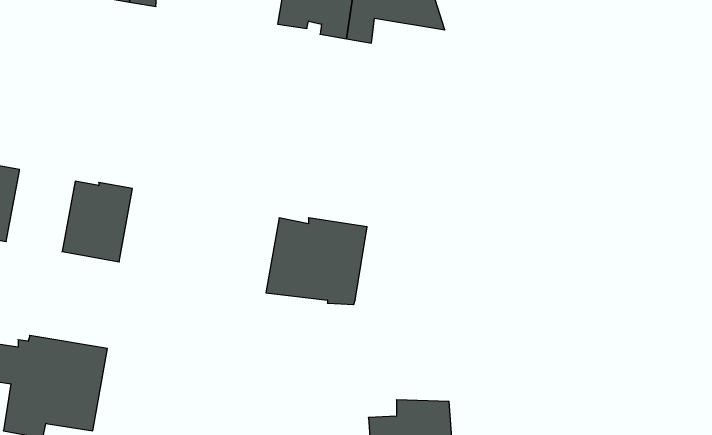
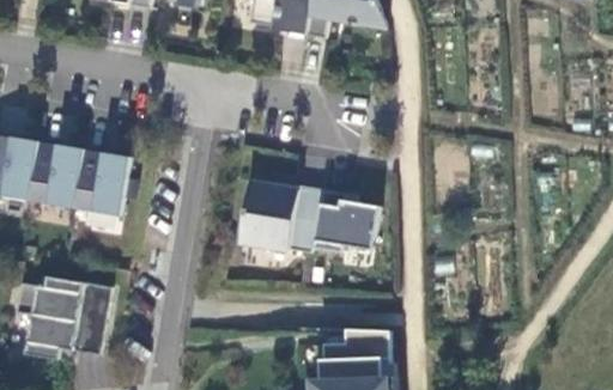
building: none -> [26,142,83,208]
building: none -> [311,188,378,252]

